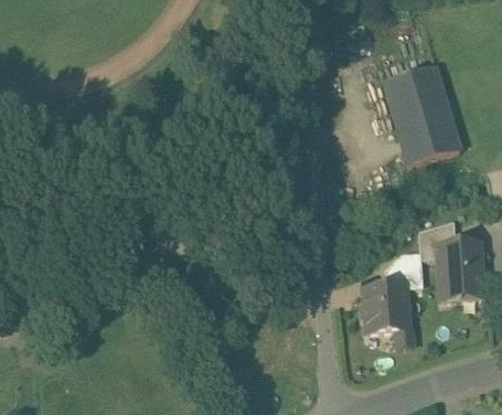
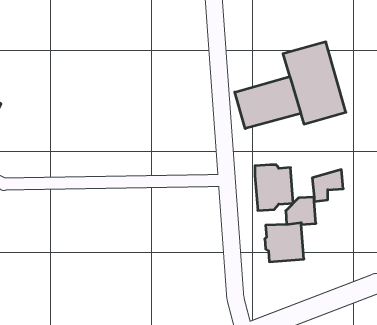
building: none -> [235,76,301,129]
building: [437,245,483,300] -> [255,165,293,210]

